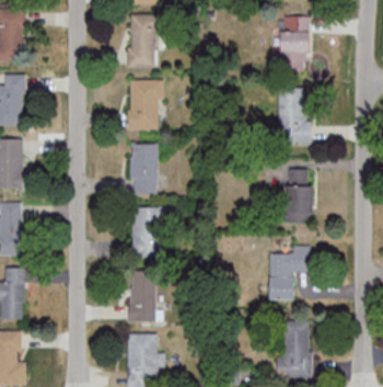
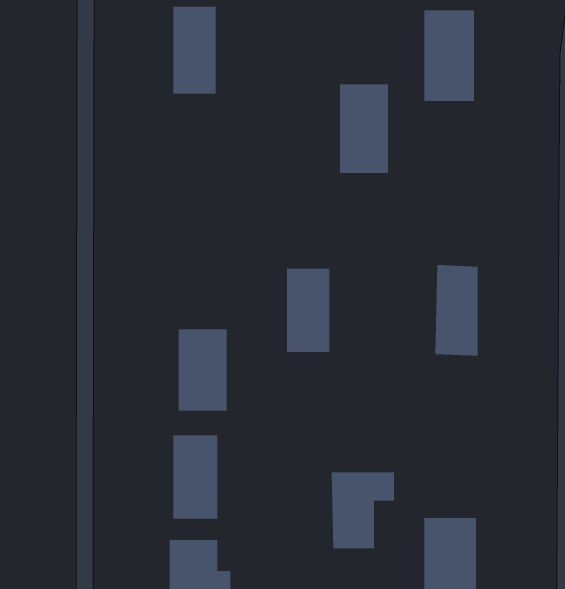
building: [129,80,162,129] -> none
building: [278,89,307,143] -> [339,84,389,174]
building: [131,143,158,193] -> [286,268,330,352]
building: [268,254,306,300] -> [331,472,395,549]

